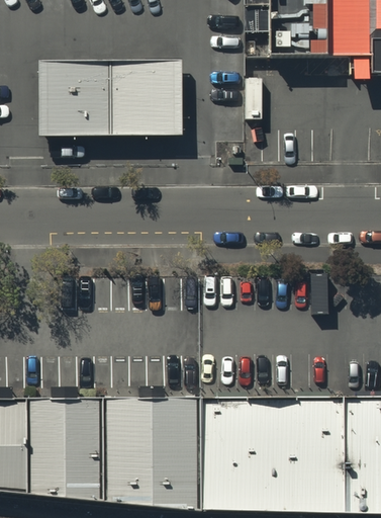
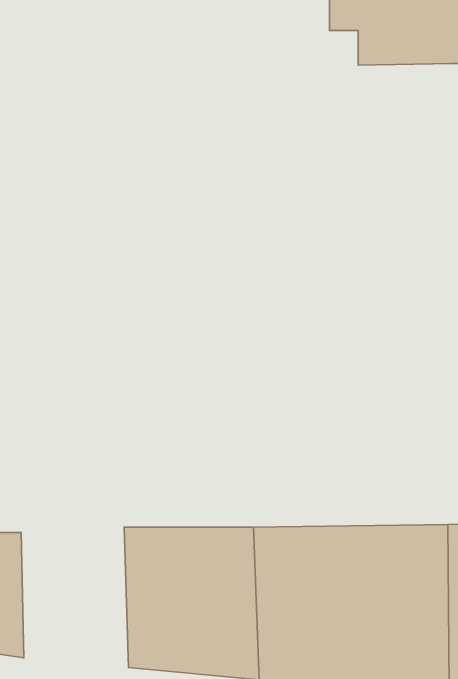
building: [39,59,183,137] -> none
building: [28,398,107,501] -> none

